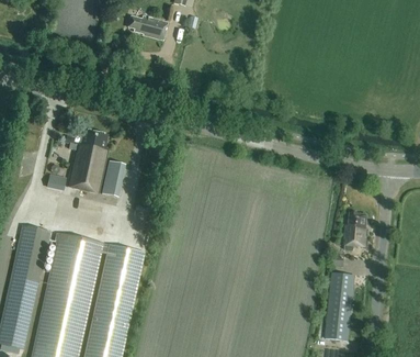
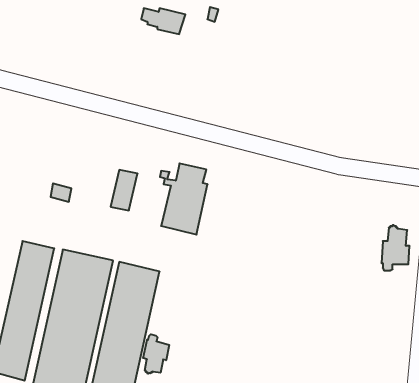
building: [66,130,109,193] -> [160,163,208,235]
building: [325,274,354,341] -> none
building: none -> [143,334,169,374]

